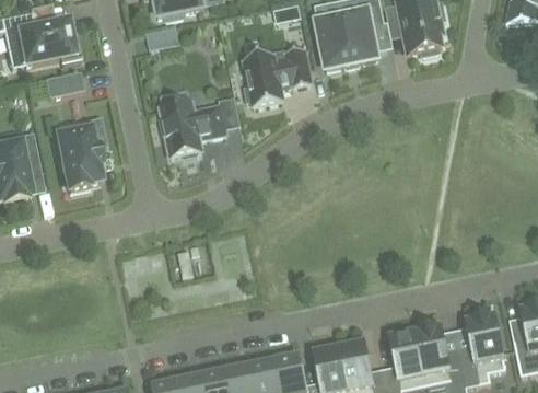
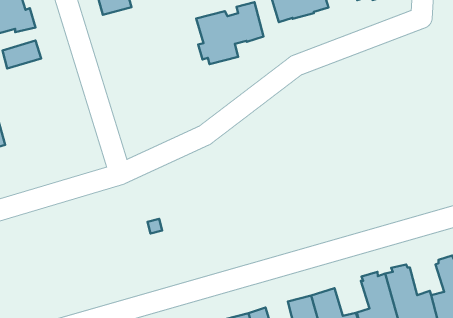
building: [160,101,225,157] -> none
building: [57,116,106,190] -> none

